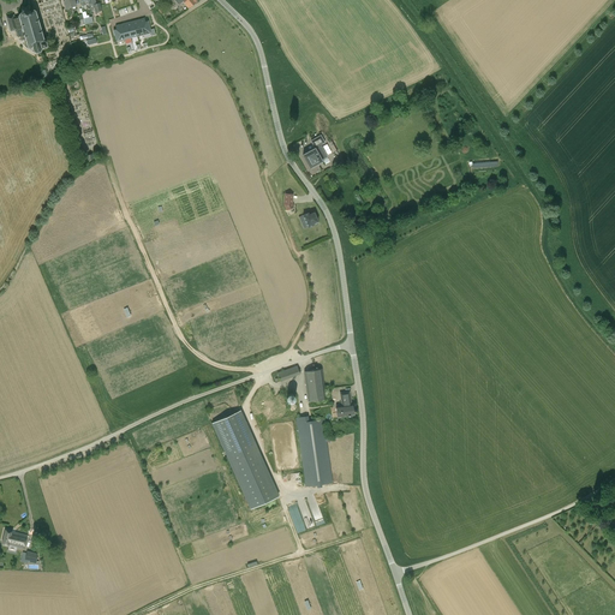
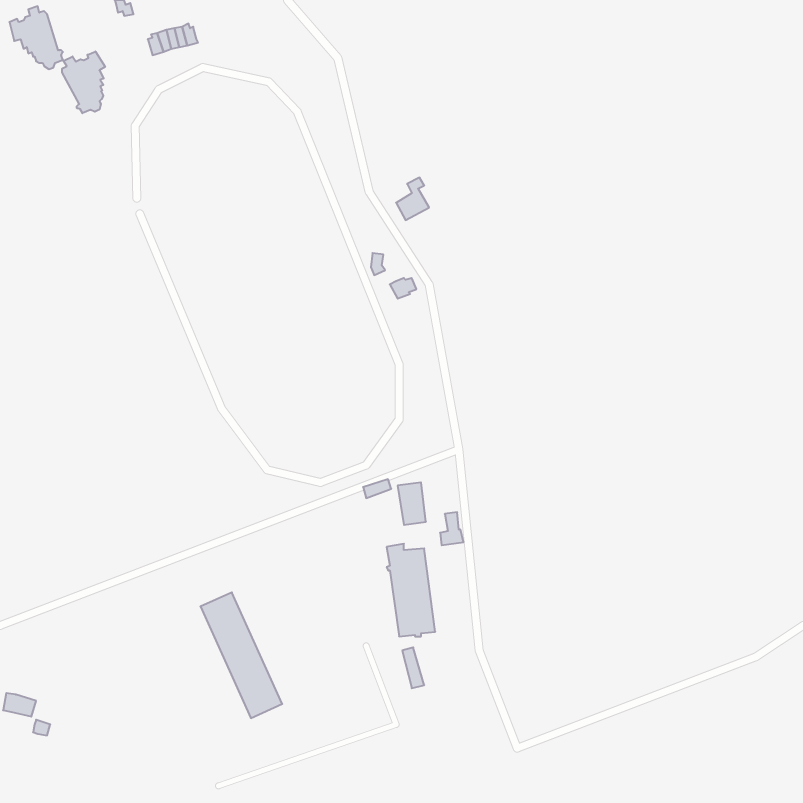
building: none -> [62,51,105,113]
building: [213,412,275,508] -> [200,592,282,718]

